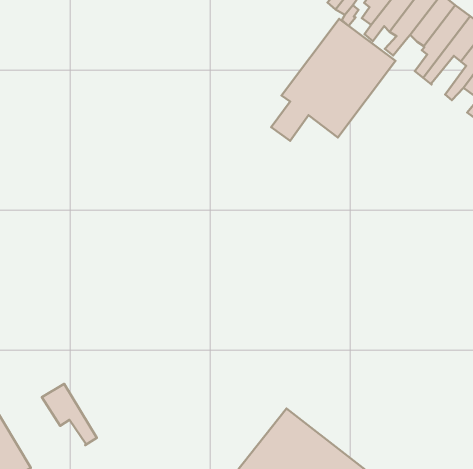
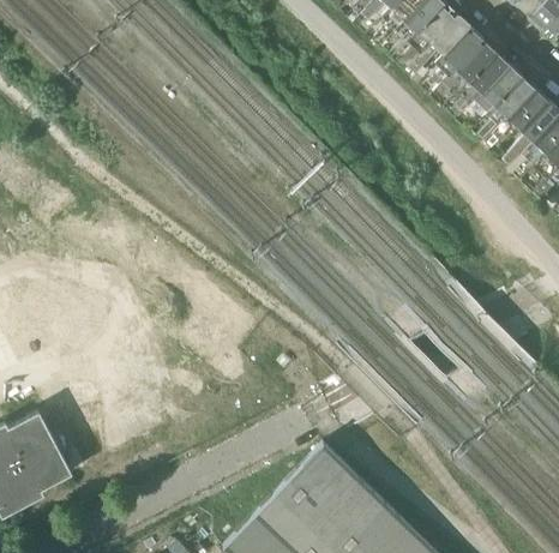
building: [271,19,395,141] -> none
building: [42,384,97,445] -> none

